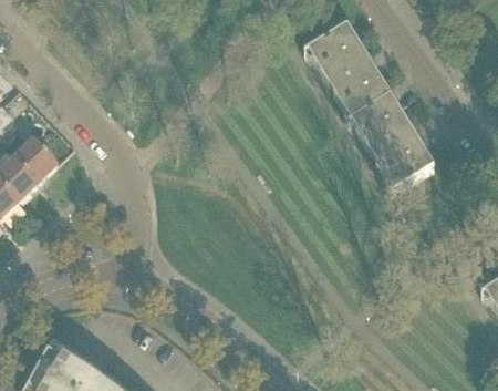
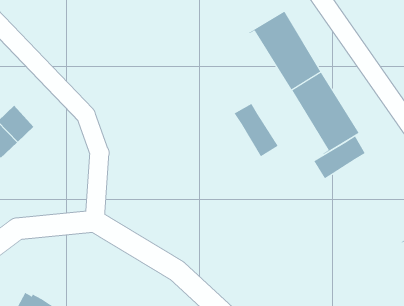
building: none -> [234,103,278,157]
building: none -> [313,135,366,179]

